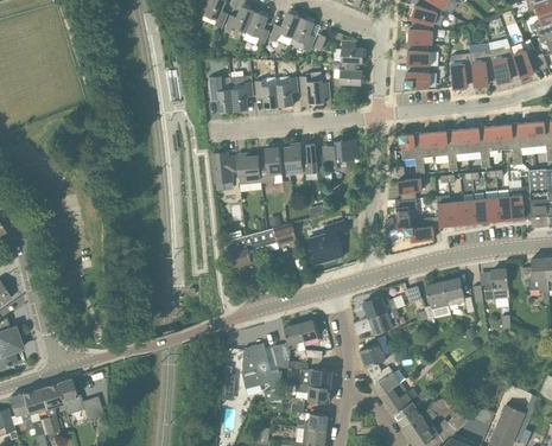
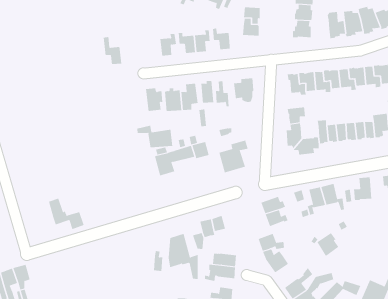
building: [209,76,234,113] -> [103,36,122,65]
building: none -> [136,125,173,148]
building: [57,378,104,420] -> [48,198,84,230]
building: [382,382,412,414] -> [317,232,339,257]

